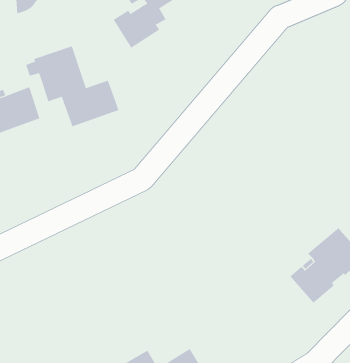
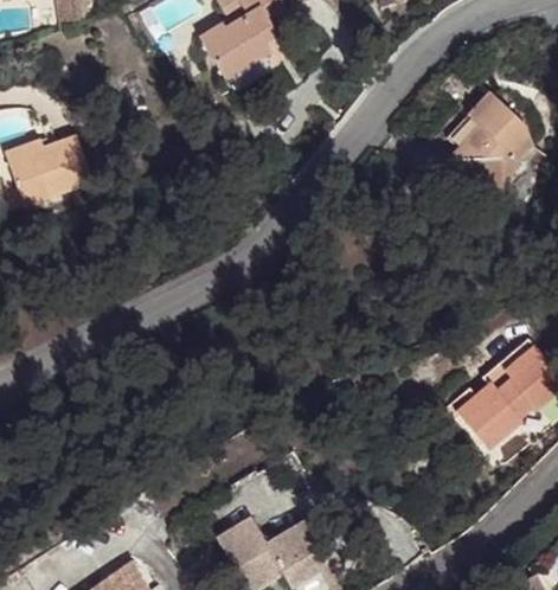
building: [26,45,119,127] -> none
building: none -> [438,96,535,205]

